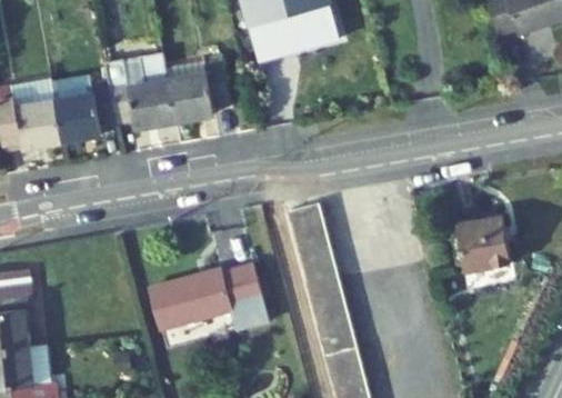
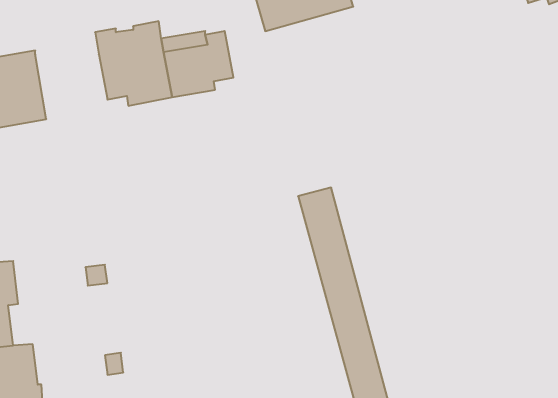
building: [49,77,114,142] -> none
building: [454,216,509,270] -> none
building: [149,266,267,332] -> none

